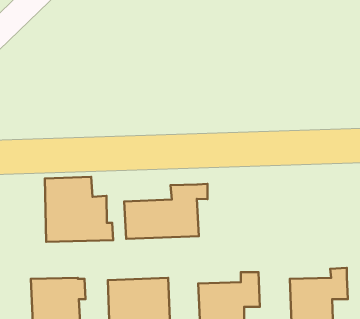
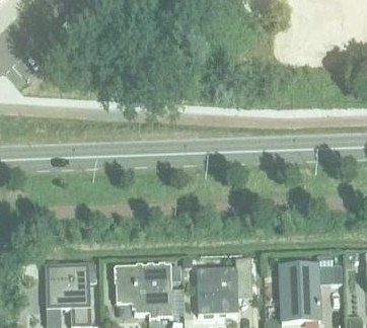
building: [45,177,113,242] -> none
building: [124,184,208,239] -> none

